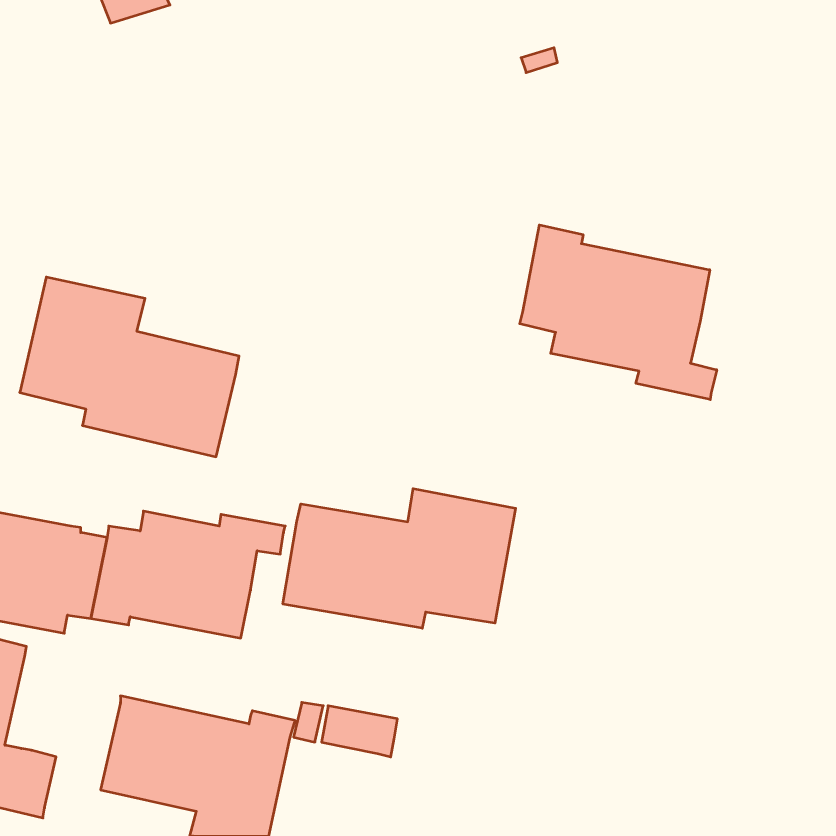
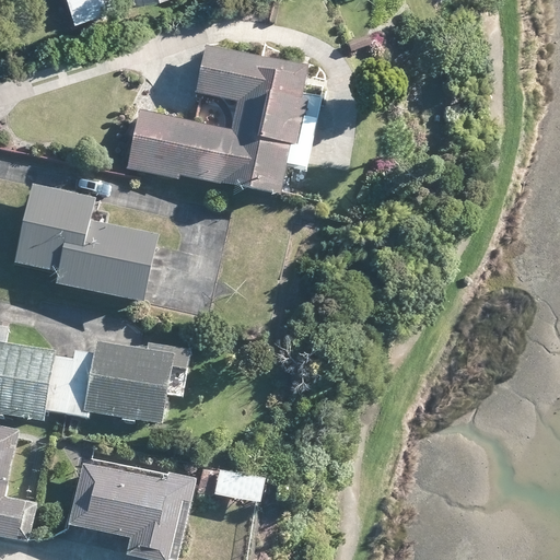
building: none -> [125,44,306,195]
building: [520,225,717,400] -> none
building: [283,489,516,628] -> none

